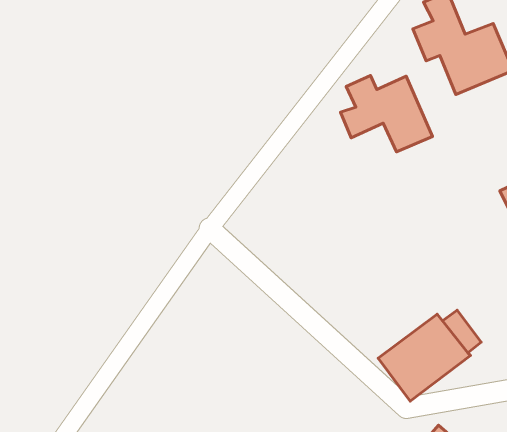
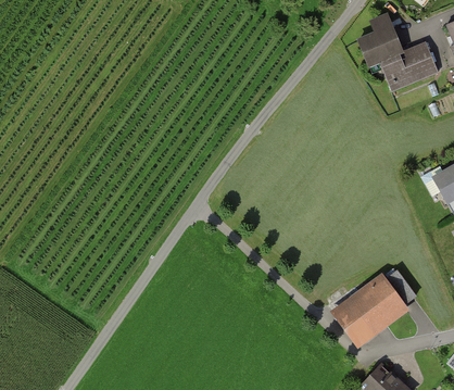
building: [340,76,432,152] -> none

